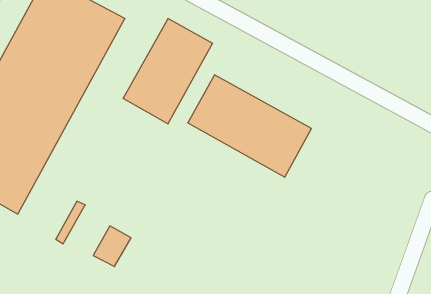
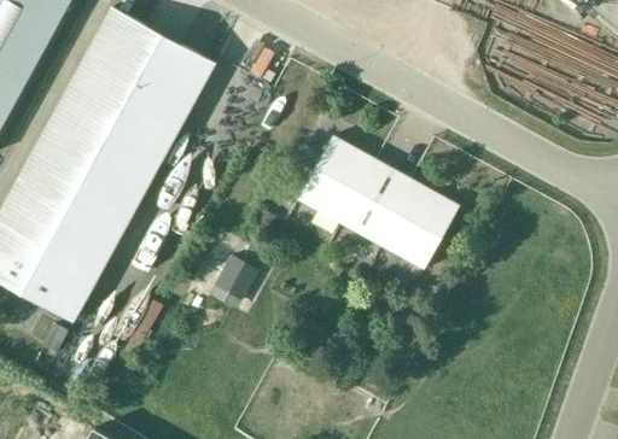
building: [123,18,213,124] -> none
building: [93,226,131,267] -> [209,256,258,309]

